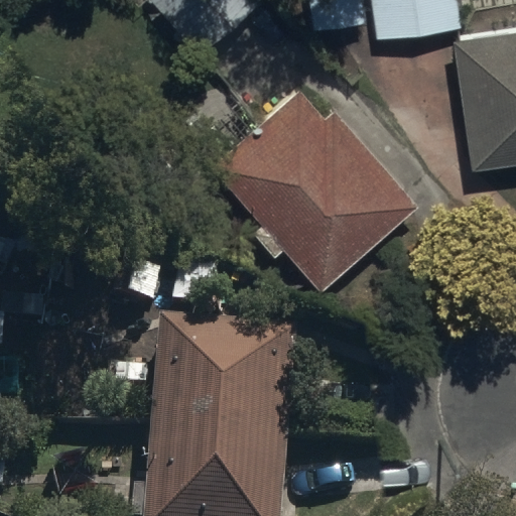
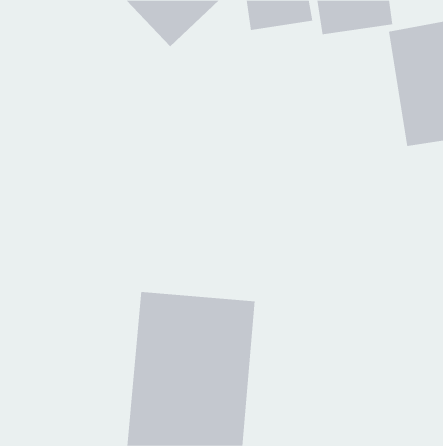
building: [214,90,413,288] -> none

